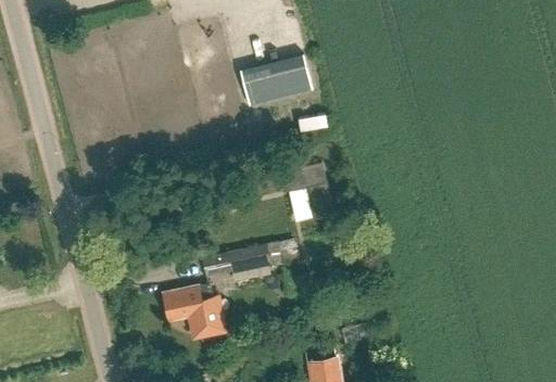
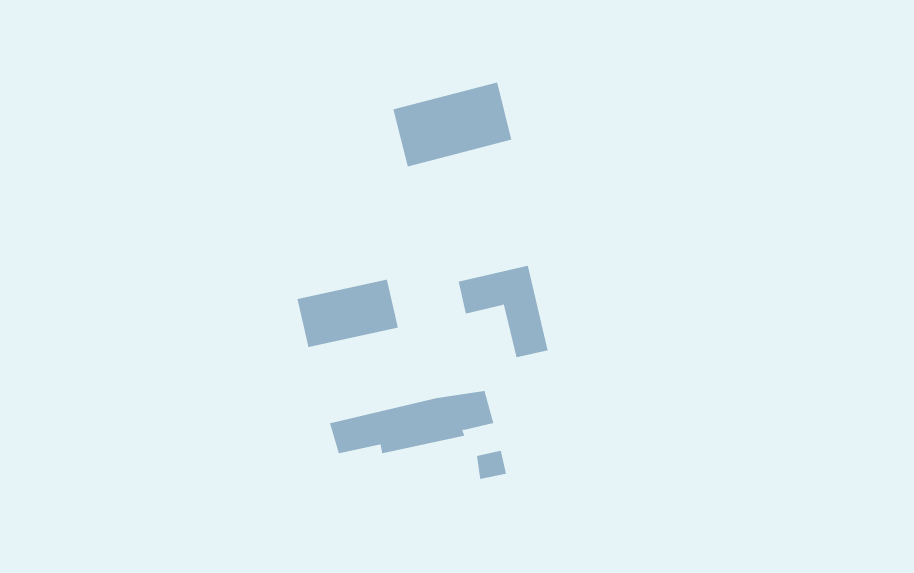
building: none -> [297,279,398,348]
building: [165,284,226,336] -> none

